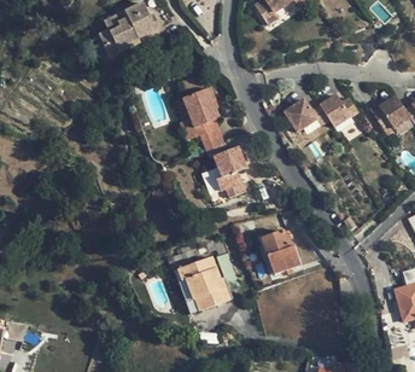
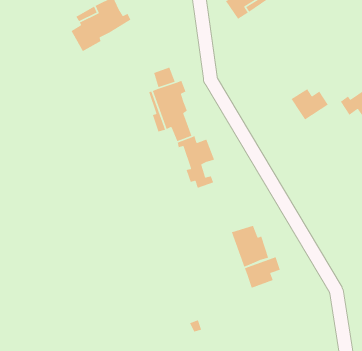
building: [287,103,332,132] -> none
building: [168,257,226,316] -> none
building: none -> [244,256,281,289]

